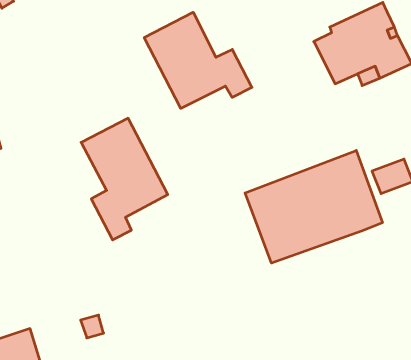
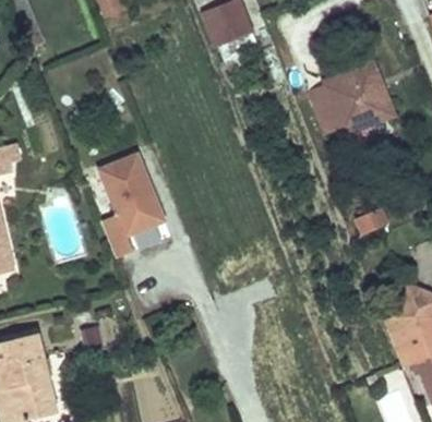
building: [144,12,252,108] -> none
building: [245,150,382,263] -> none

